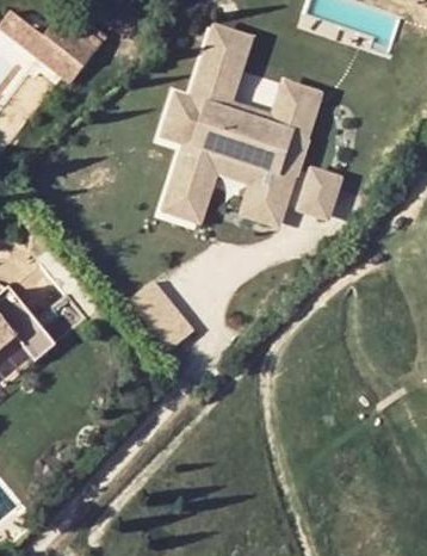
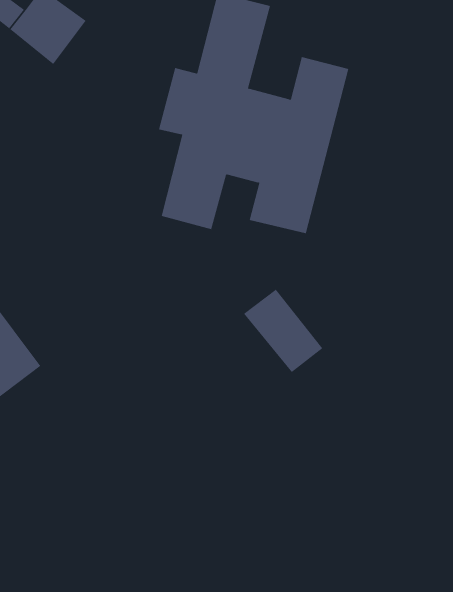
building: [291,162,345,220] -> none
building: [126,277,196,350] -> [243,289,323,373]

